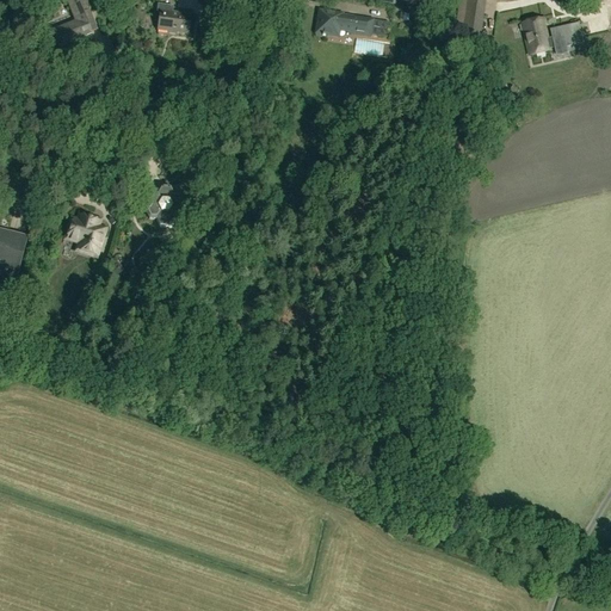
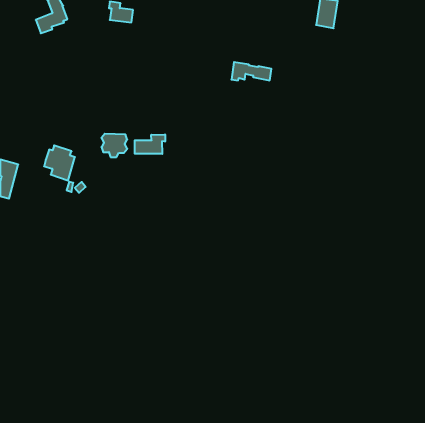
building: [316,10,374,36] -> [231,62,271,80]
building: [524,18,582,54] -> none
building: none -> [135,134,165,154]

